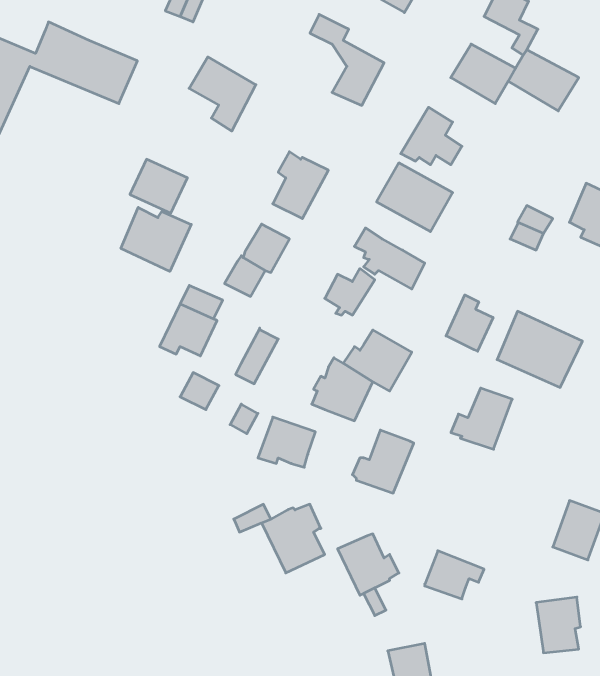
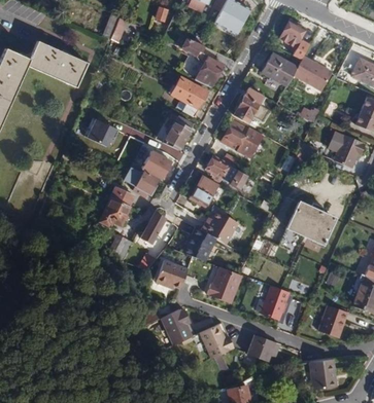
building: [189,57,256,131] -> [171,75,208,116]
building: [121,207,191,271] -> none
building: [446,295,493,351] -> none
building: [451,388,512,449] -> [256,285,290,319]

